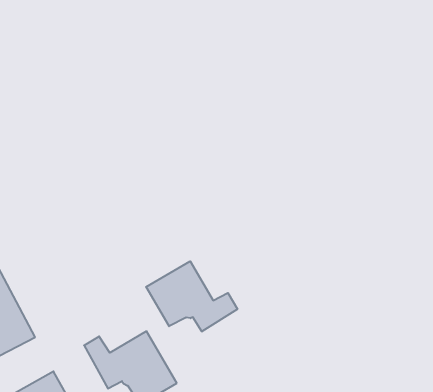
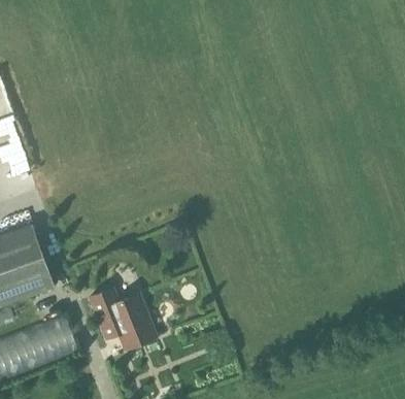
building: [146,261,237,332] -> none

